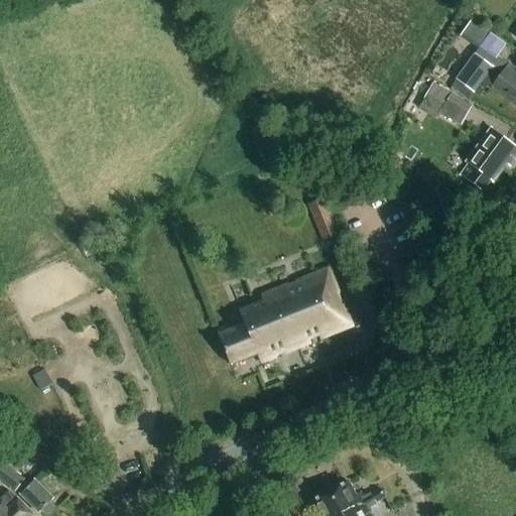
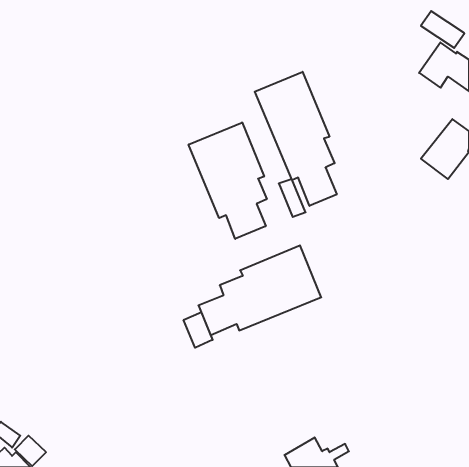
building: none -> [255,72,337,206]
building: [421,79,470,121] -> none
building: none -> [189,122,267,239]
building: none -> [184,312,213,348]

